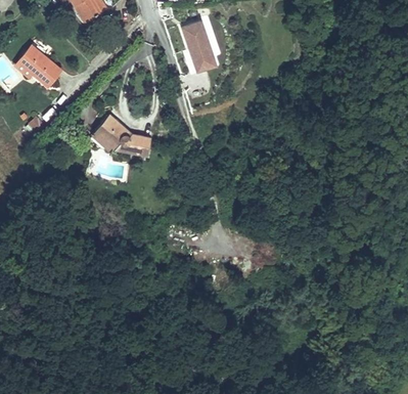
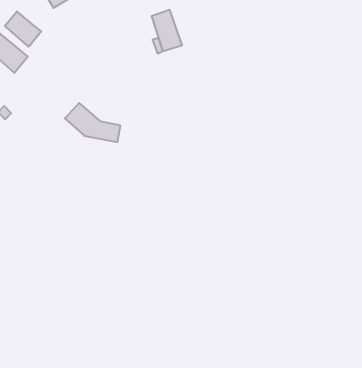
building: none -> [5,11,41,47]

